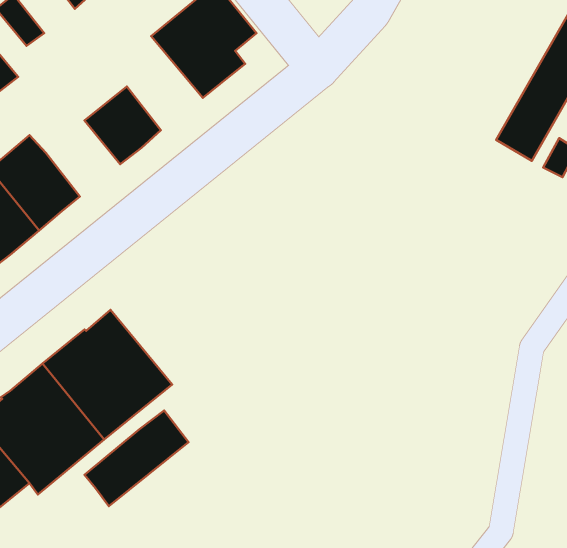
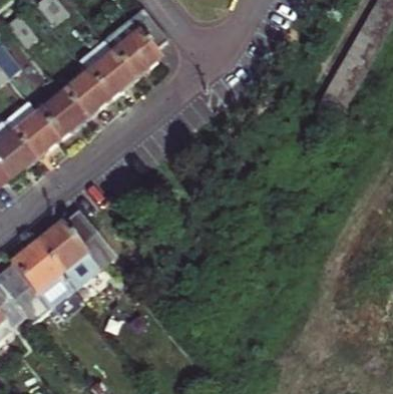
building: none -> [77,40,134,98]
building: none -> [37,92,83,139]
building: [85,410,188,506] -> none

